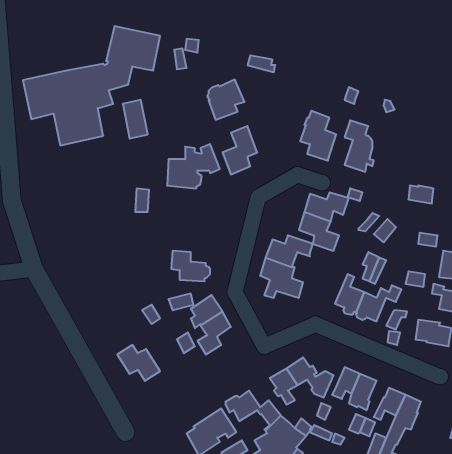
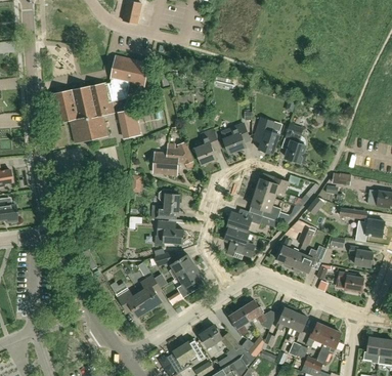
building: [207,80,245,120] -> [222,124,250,154]
building: none -> [155,191,179,220]
building: none -> [138,276,162,310]

